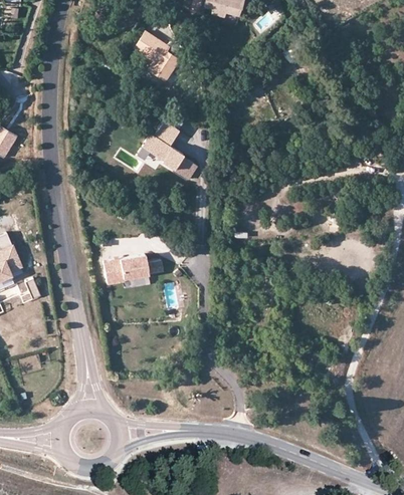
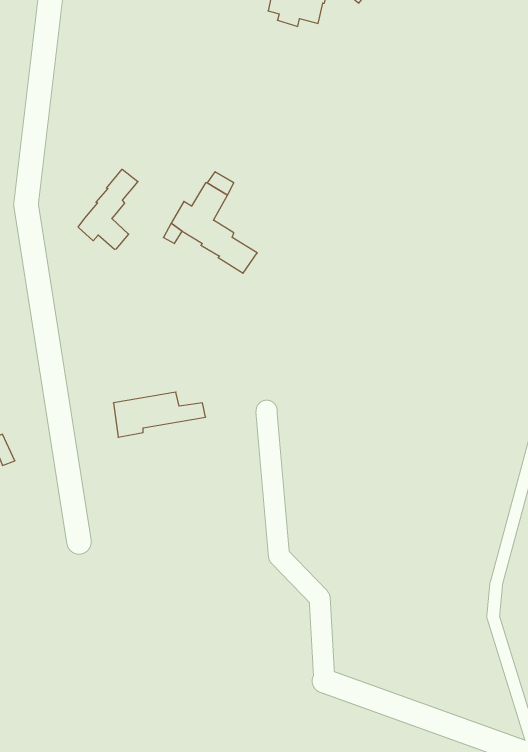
building: [139,33,179,82] -> none
building: none -> [78,169,138,249]

